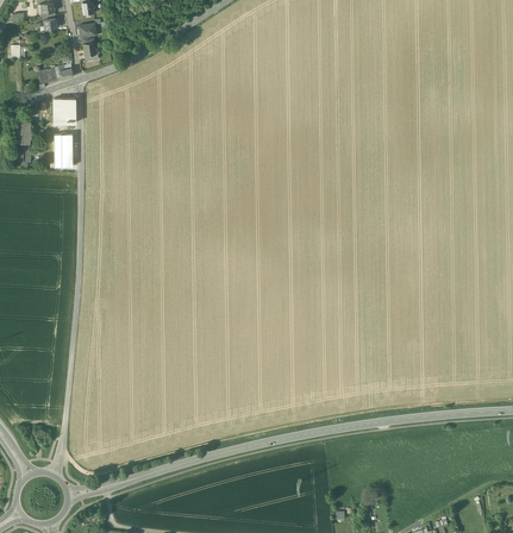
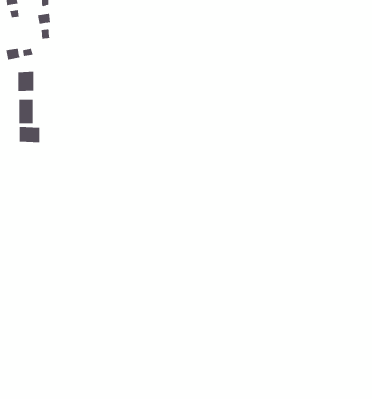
building: none -> [19,126,40,143]

